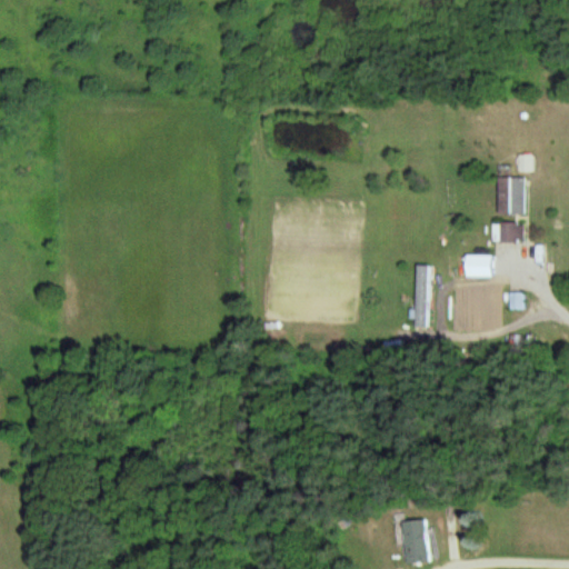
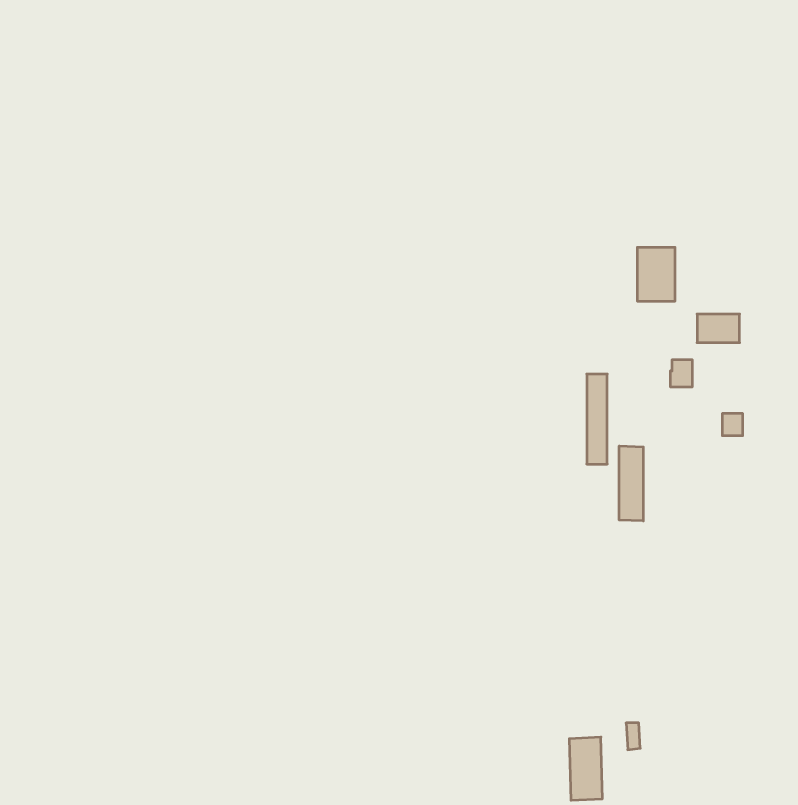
building: [497,176,523,213] -> [637,247,675,301]
building: none -> [619,446,643,521]

